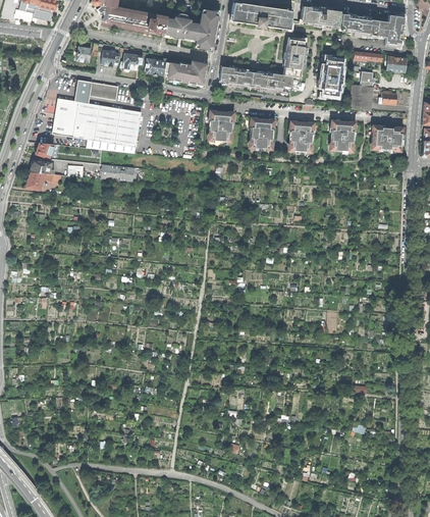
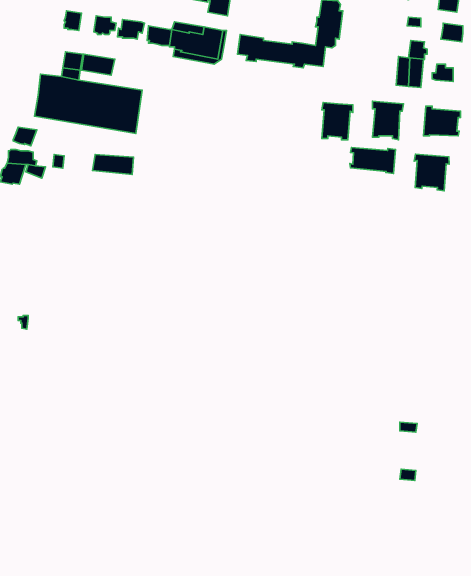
building: [320,57,342,97] -> none
building: [209,111,233,142] -> none
building: [250,118,274,149] -> none
building: none -> [350,148,396,174]
building: none -> [414,154,449,191]

